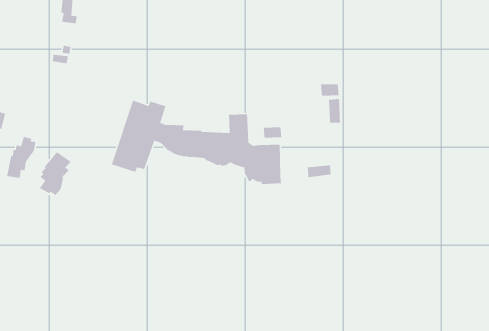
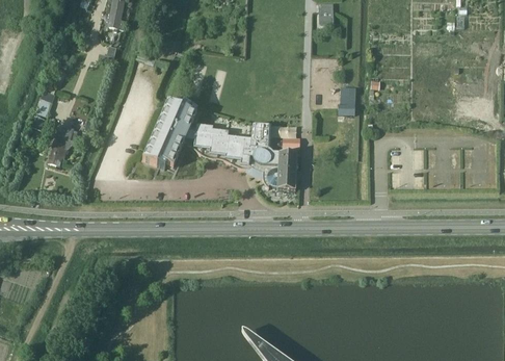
building: [39,151,71,196] -> none

